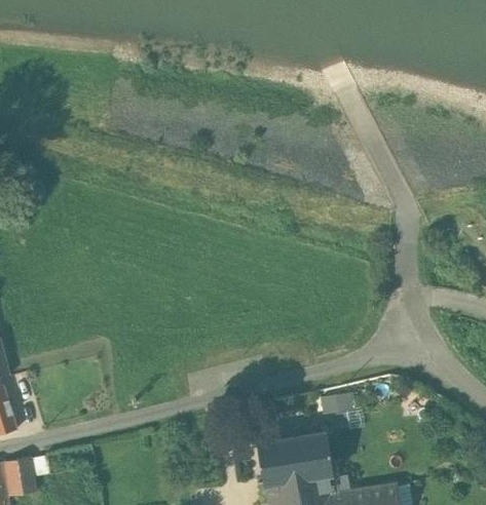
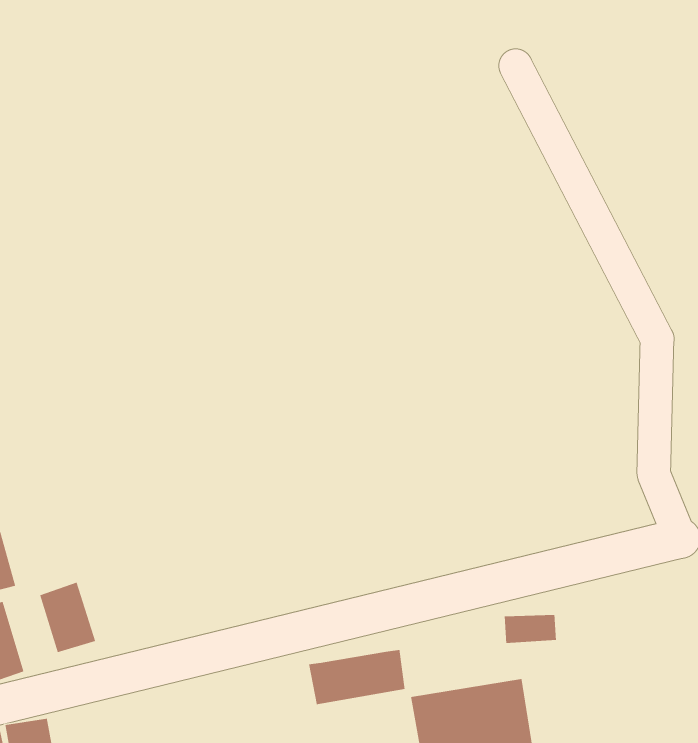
building: none -> [39,582,96,653]
building: none -> [308,649,405,705]

